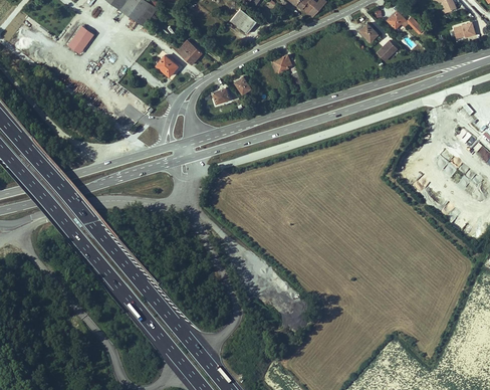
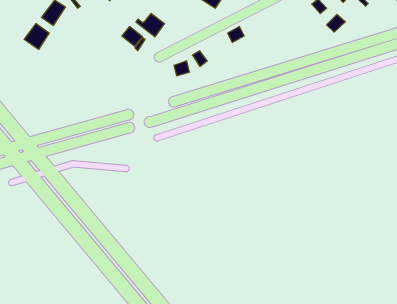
building: none -> [24,24,49,49]

